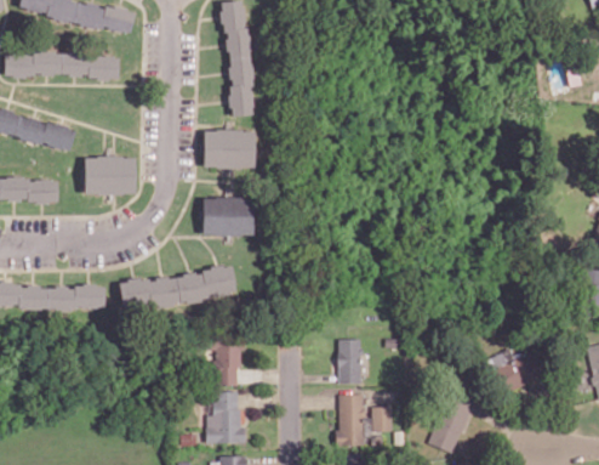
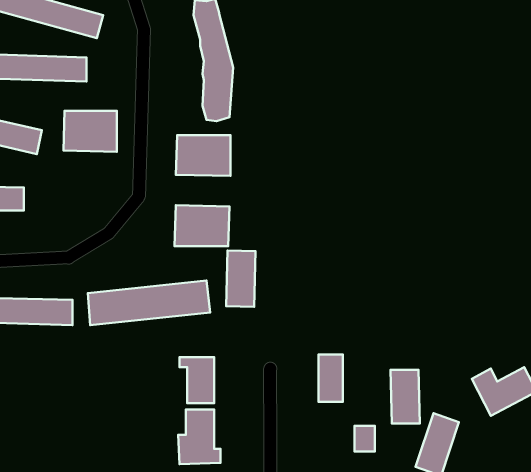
building: [85,157,136,195] -> [63,111,117,152]
building: none -> [226,251,256,307]
building: [338,395,366,446] -> [390,370,420,423]

